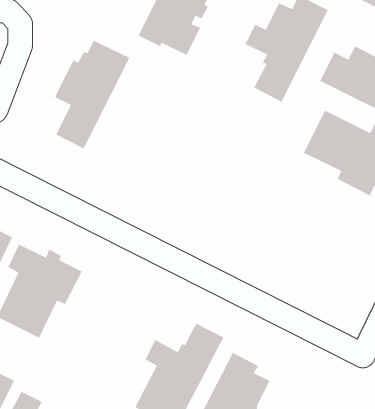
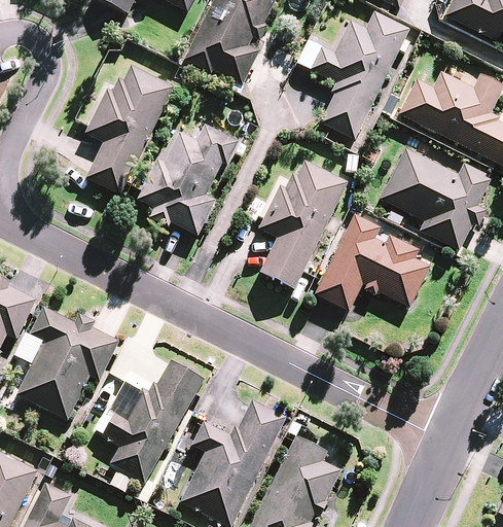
building: none -> [137,124,240,235]
building: none -> [258,160,348,287]
building: none -> [315,213,429,310]
building: none -> [101,359,203,482]

